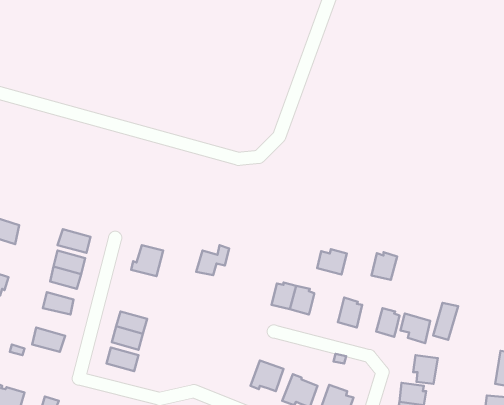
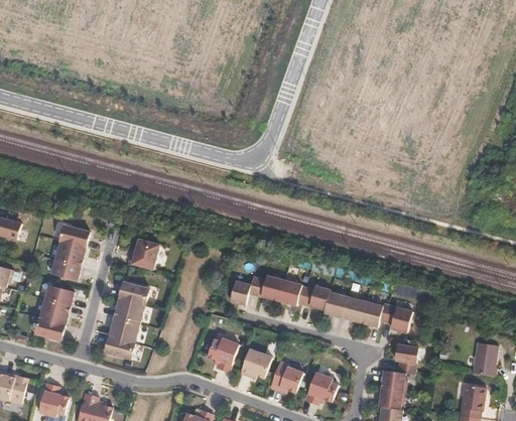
building: [196,245,229,275] -> [229,276,260,304]
building: [317,249,347,275] -> [300,285,329,309]
building: [372,252,397,280] -> [341,295,365,321]
building: none -> [118,282,148,304]
building: [433,303,458,340] -> none
building: none -> [39,299,70,320]
building: none -> [207,337,238,372]

